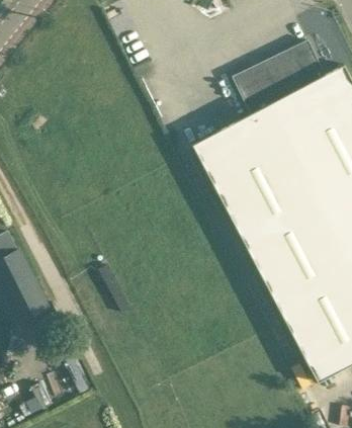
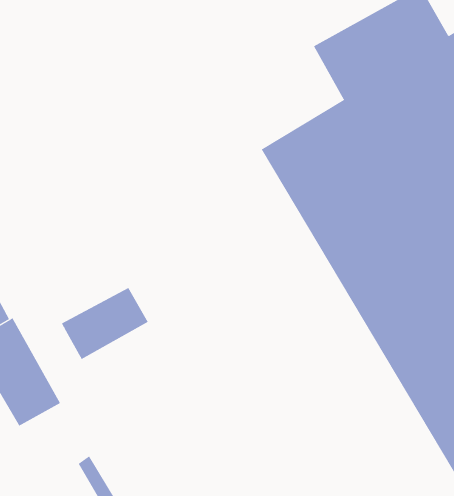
building: none -> [61,287,148,360]

